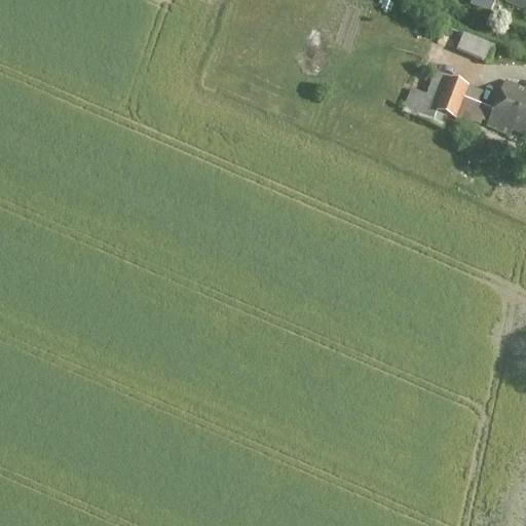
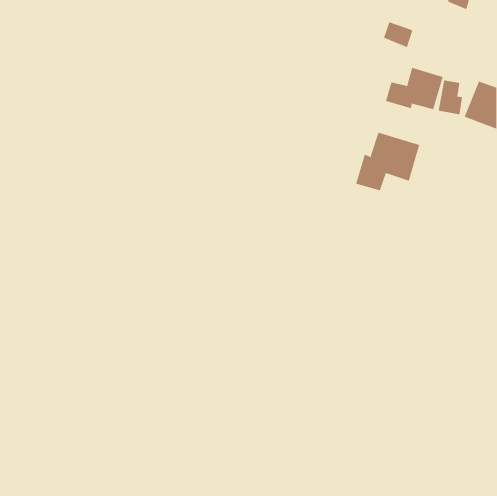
building: [459,30,491,58] -> [383,21,413,48]
building: none -> [355,132,420,191]

